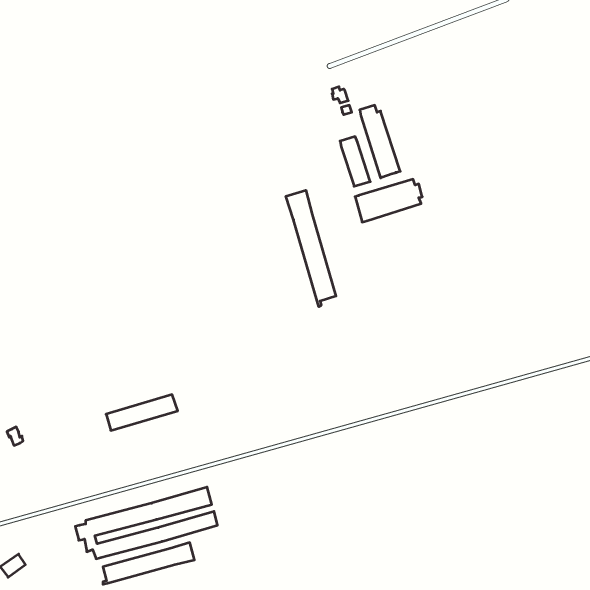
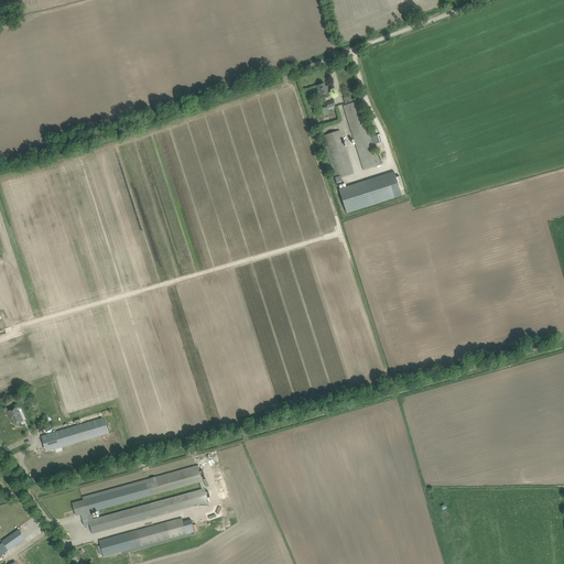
building: [286,190,336,307] -> none
building: [106,395,178,430] -> [40,416,108,451]

